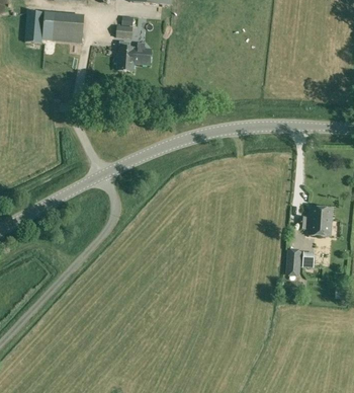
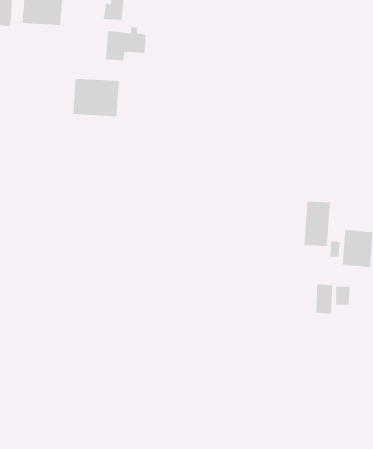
building: none -> [73,78,119,117]
building: none -> [304,201,330,247]

